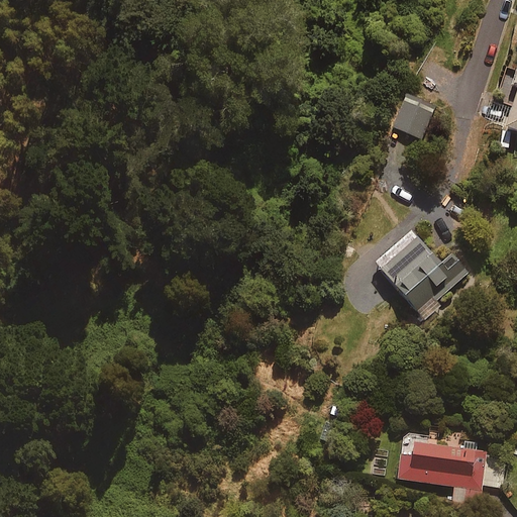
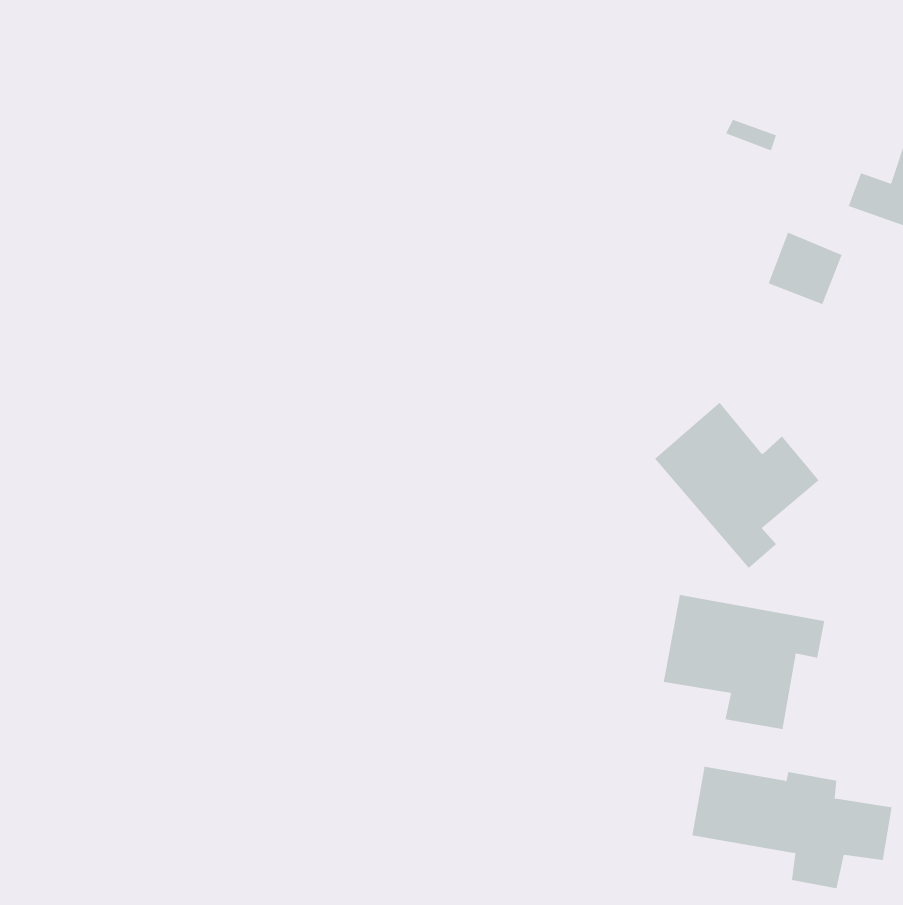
building: [392,98,434,139] -> [768,232,842,305]
building: none -> [663,594,825,730]

